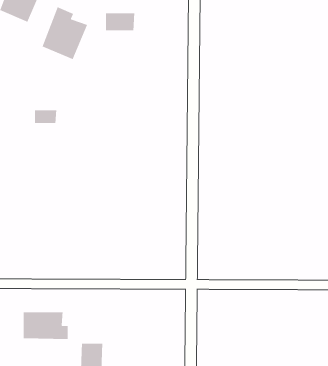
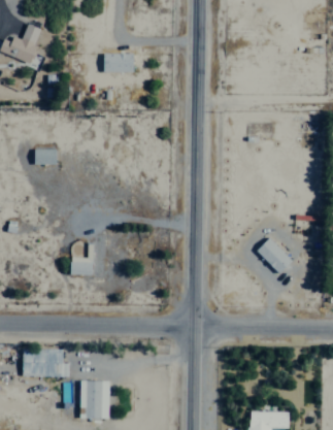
building: [41,6,88,60] -> none
building: none -> [257,237,293,273]
building: none -> [71,243,94,275]

